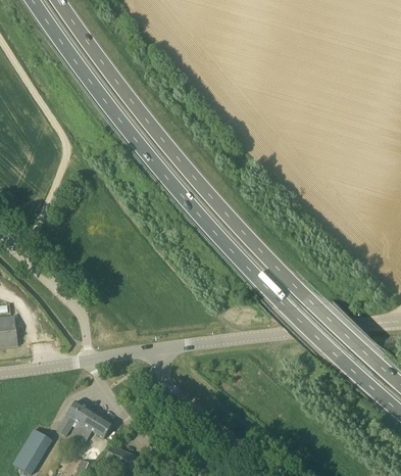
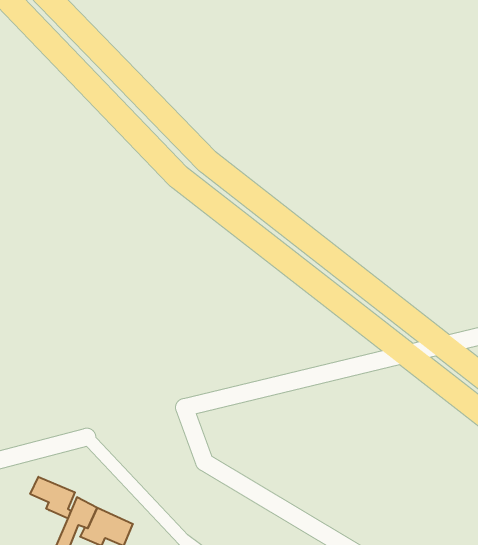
building: none -> [30,477,75,518]

